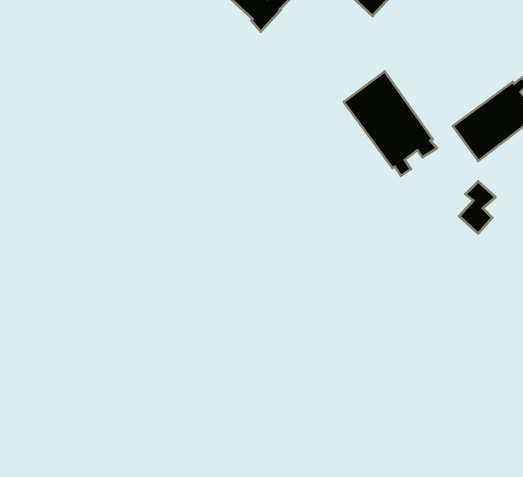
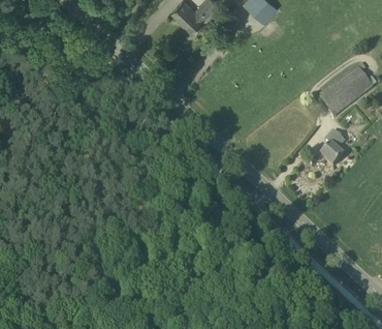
building: [344,71,437,176] -> none

